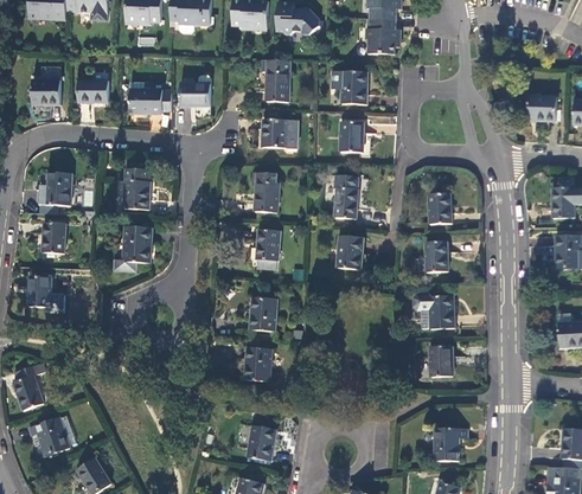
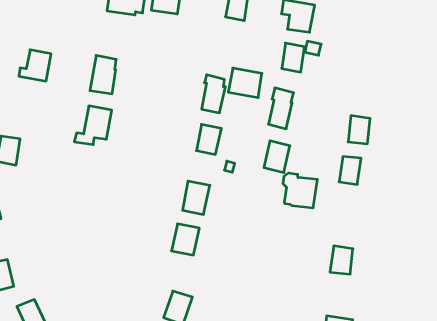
building: [262,118,298,148] -> [228,68,262,98]
building: [41,222,65,252] -> none
building: [415,293,454,329] -> [283,173,317,208]

